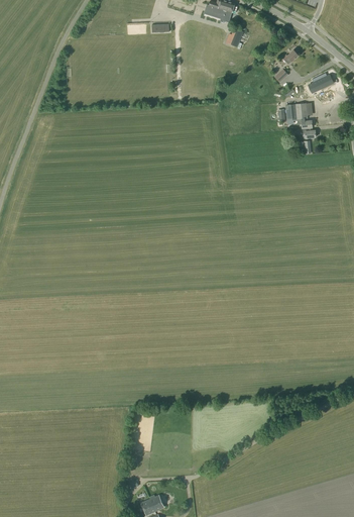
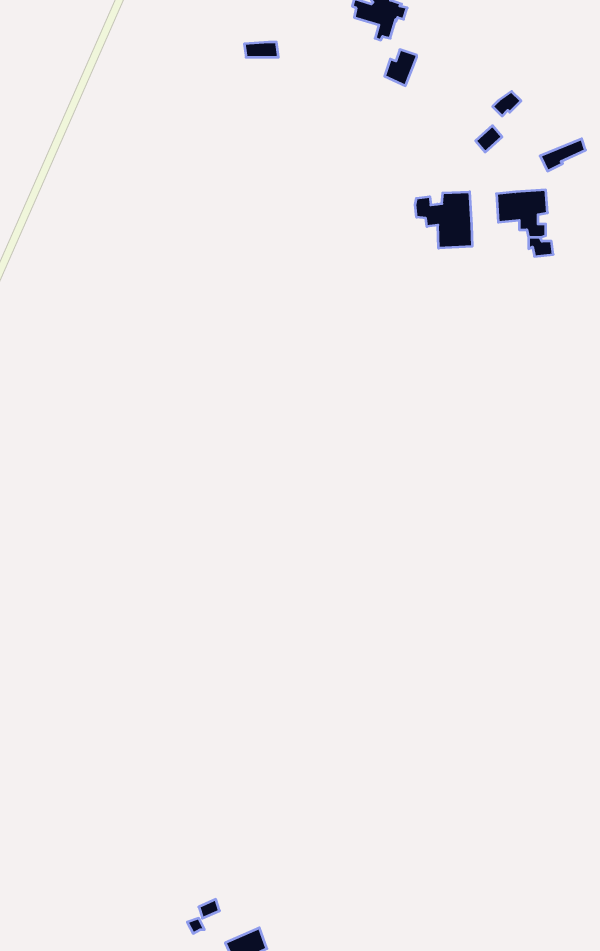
building: none -> [415,192,472,248]

